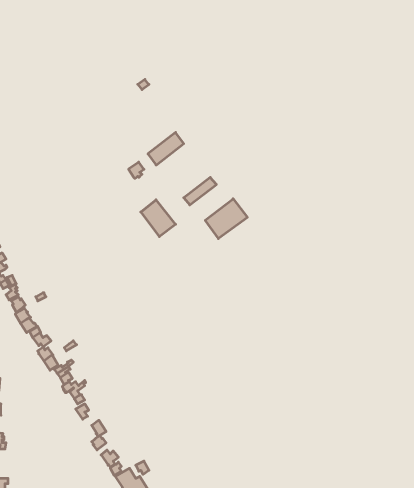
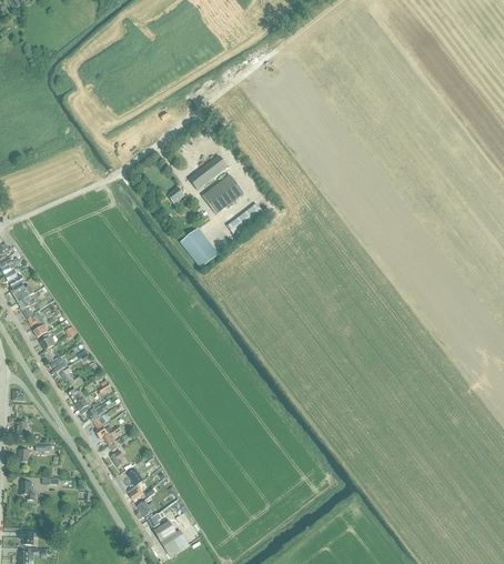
building: none -> [201,174,242,213]
building: [205,199,247,239] -> none

